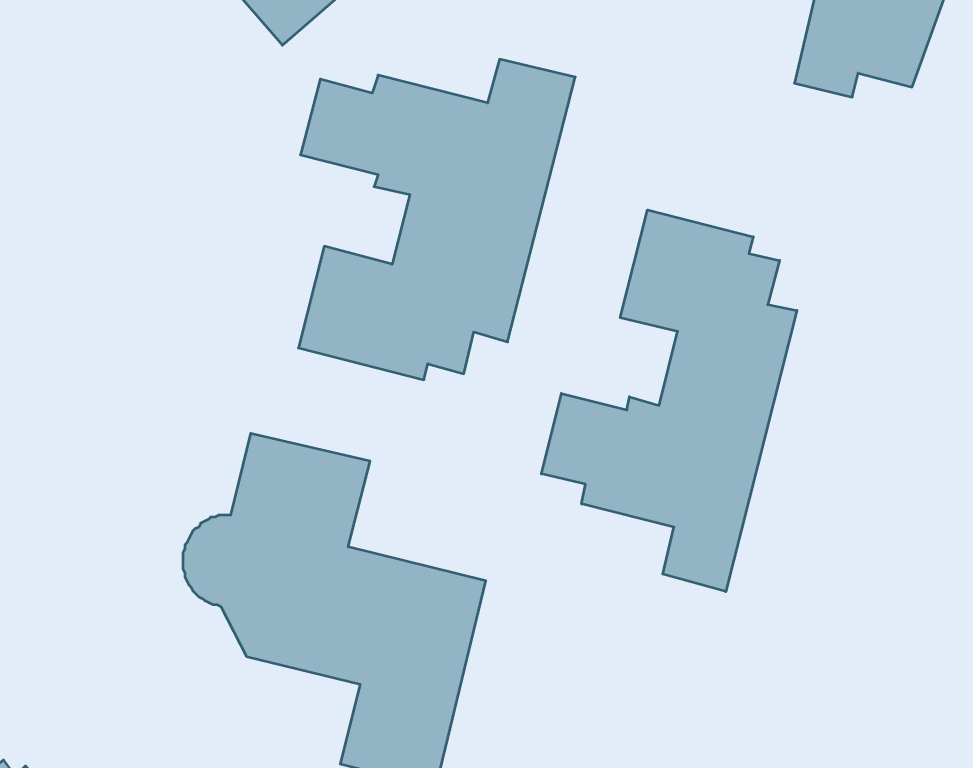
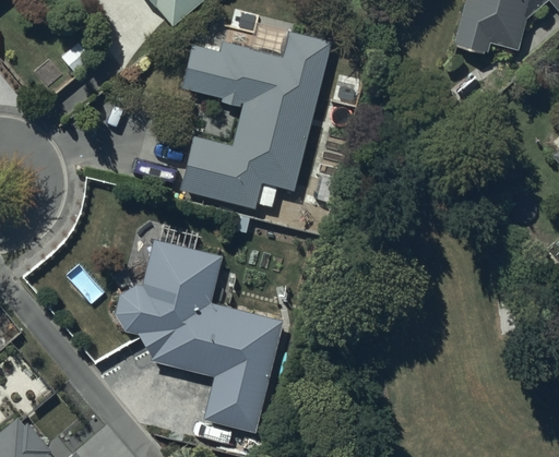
building: [541,210,797,592] -> none

